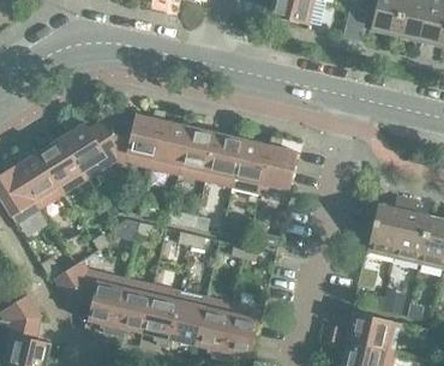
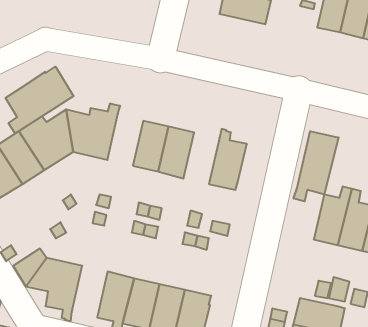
building: none -> [6,67,74,133]
building: [154,120,191,174] -> none
building: none -> [294,131,339,201]
building: [233,139,270,193] -> none
building: [115,278,154,337] -> none

